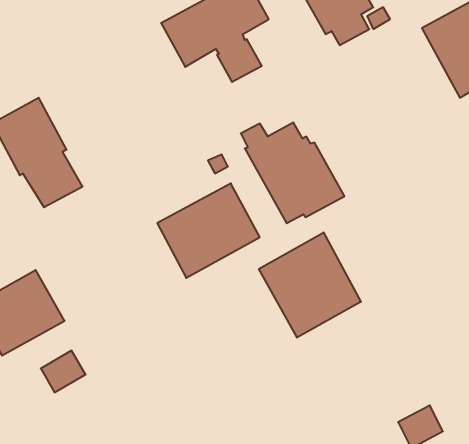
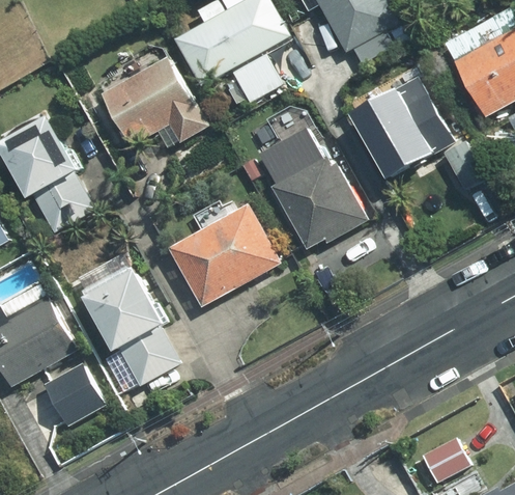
building: none -> [102,57,204,143]
building: none -> [353,78,483,189]
building: [259,232,361,338] -> none
building: none -> [85,271,177,384]

